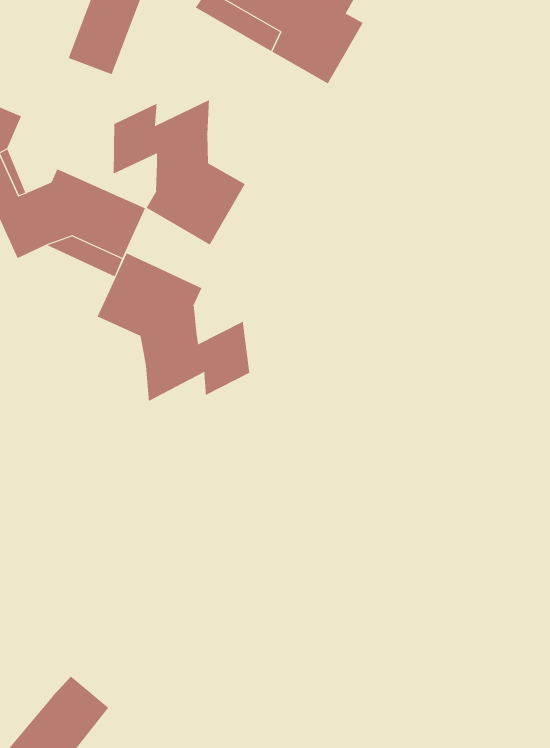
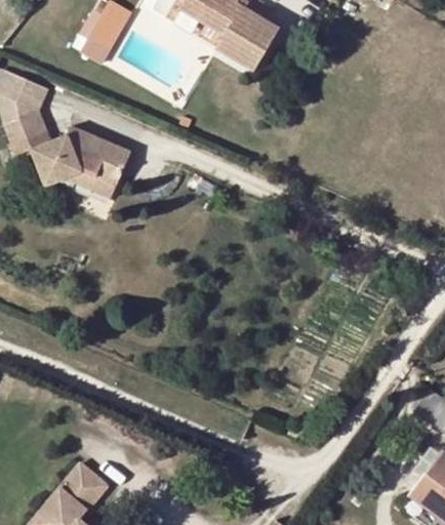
building: [113,99,245,245] -> none
building: [97,253,250,402] -> none

